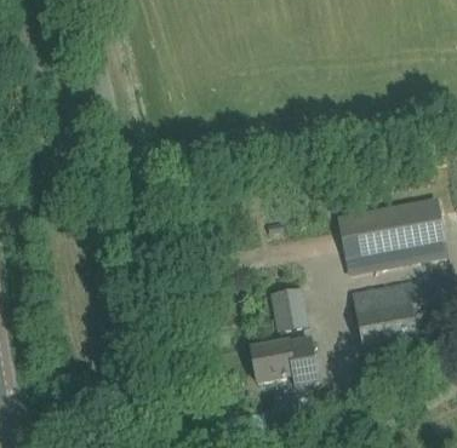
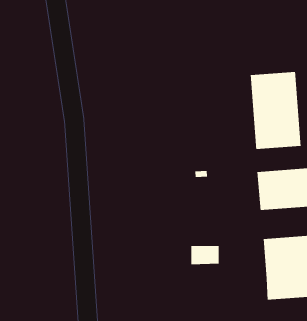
building: none -> [250,71,301,150]
building: [250,337,316,383] -> none

